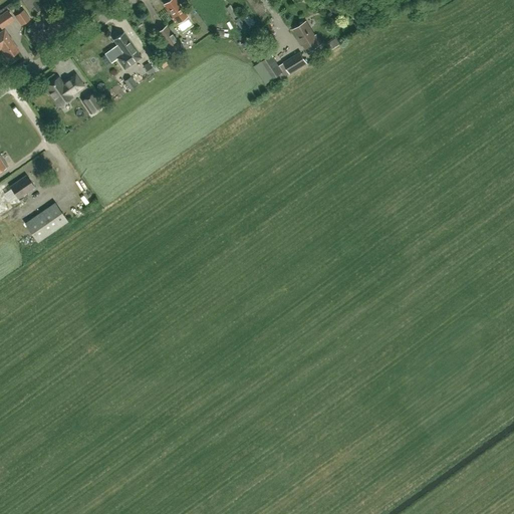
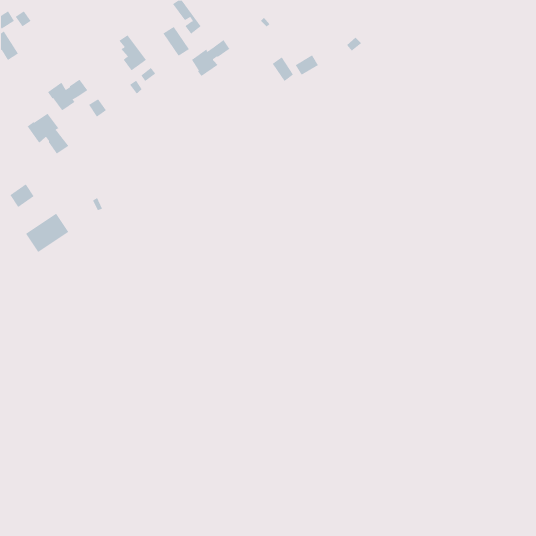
building: [294,22,321,51] -> none
building: none -> [191,39,230,77]
building: none -> [27,113,69,154]

